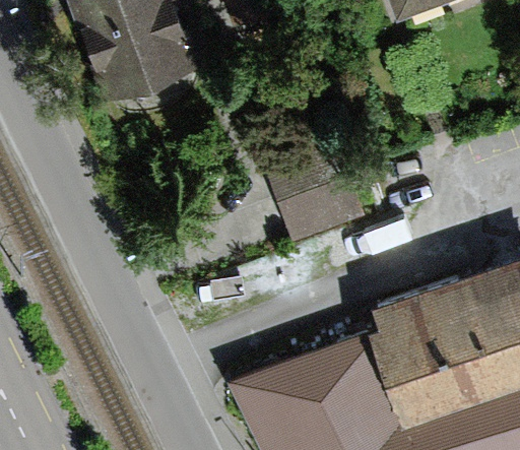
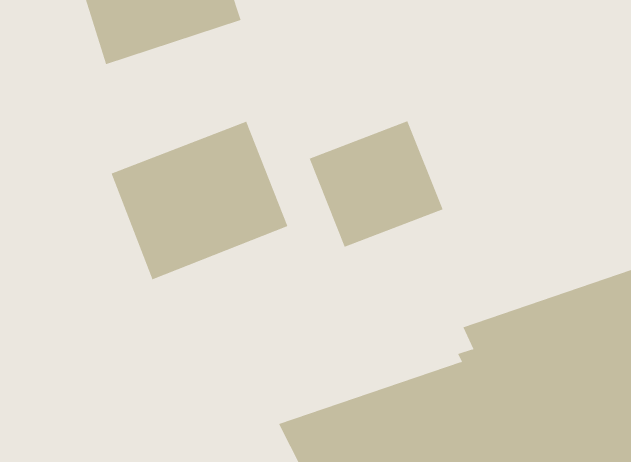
building: none -> [111,121,288,280]

